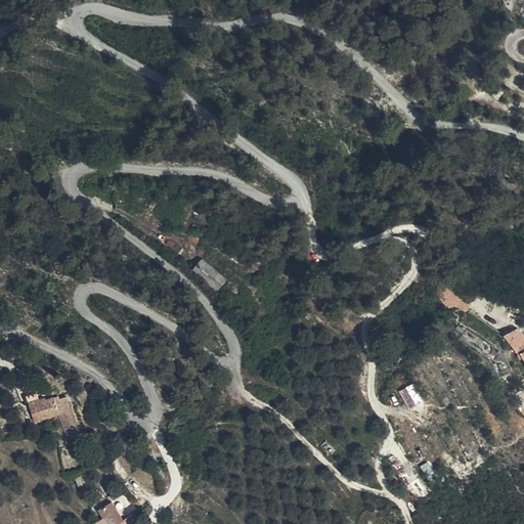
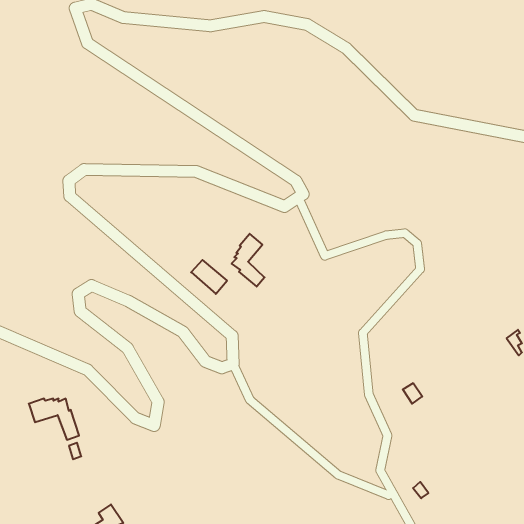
building: none -> [232,234,265,287]

